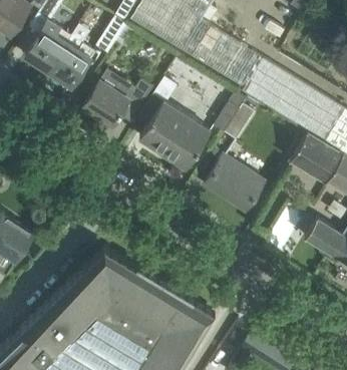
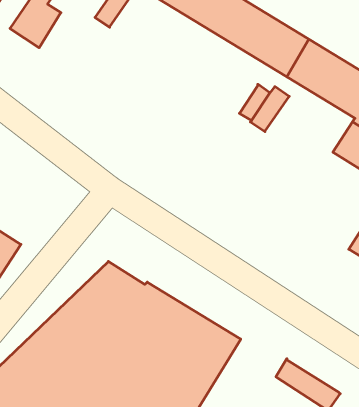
building: [49,42,95,86] -> none
building: [84,80,152,124] -> none
building: [138,94,211,171] -> none
building: [205,155,265,208] -> none

